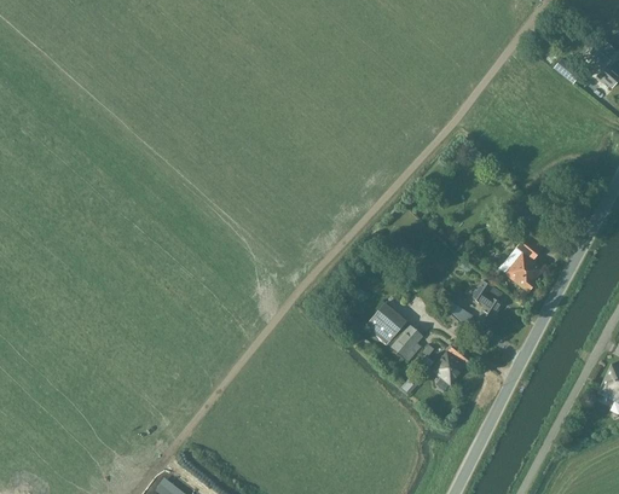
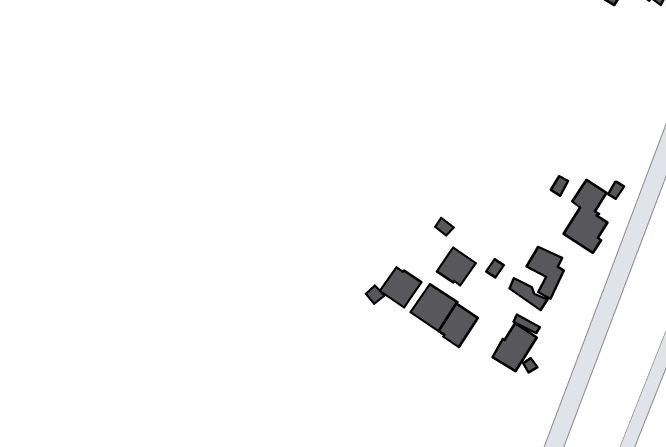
building: none -> [437,248,476,285]
building: none -> [380,267,422,307]

